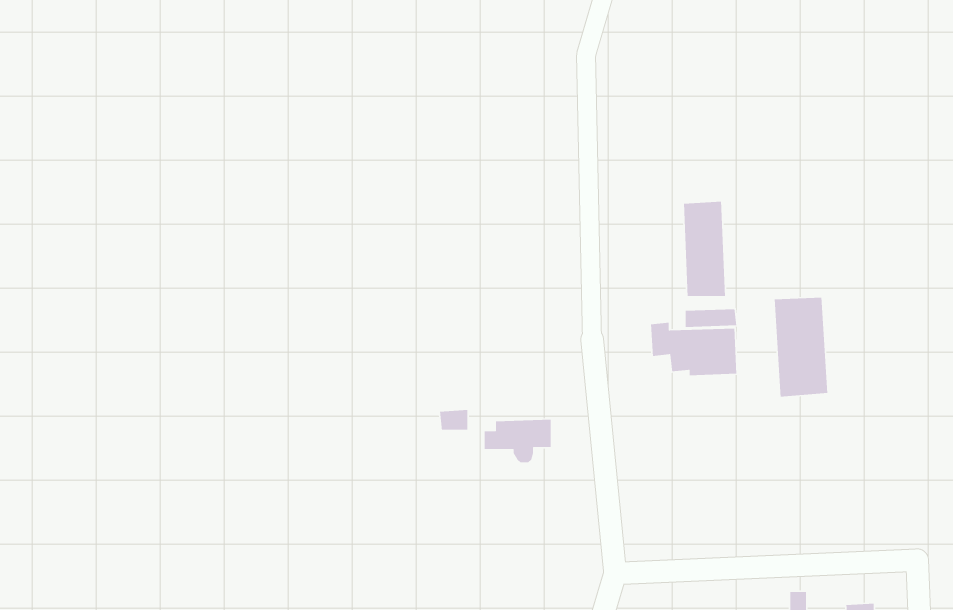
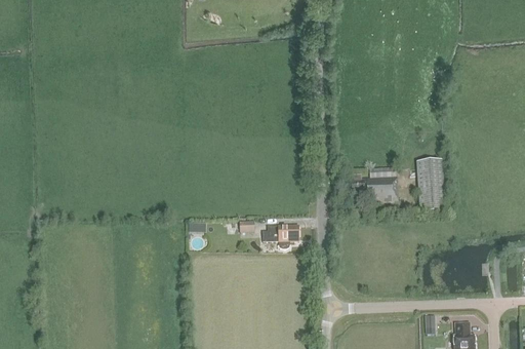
building: [683,201,726,297] -> none

